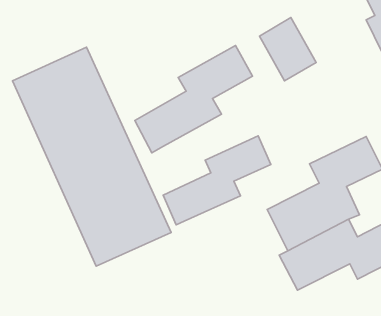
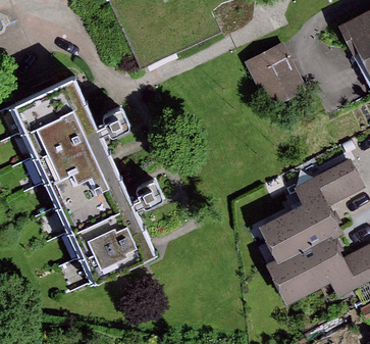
building: [135,45,252,153] -> none
building: [163,136,271,225] -> none

